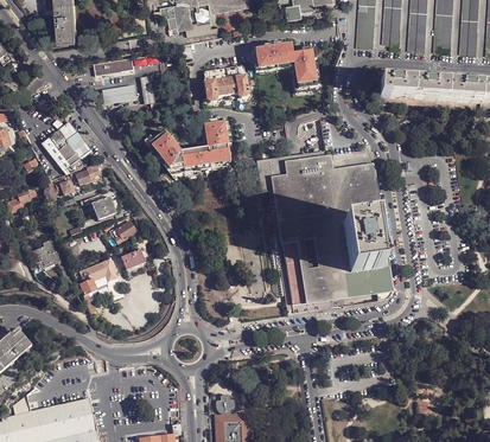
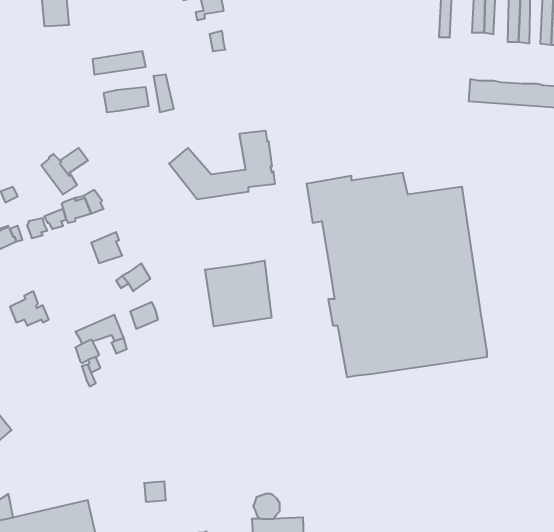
building: [256,43,318,89] -> none
building: [204,65,249,102] -> none
building: none -> [205,260,271,326]

